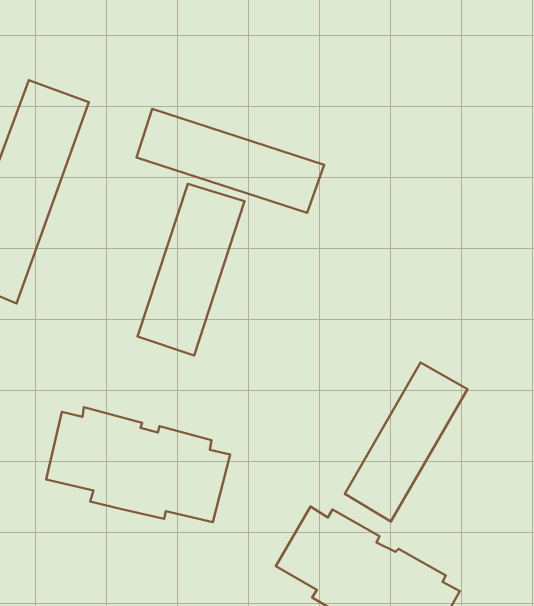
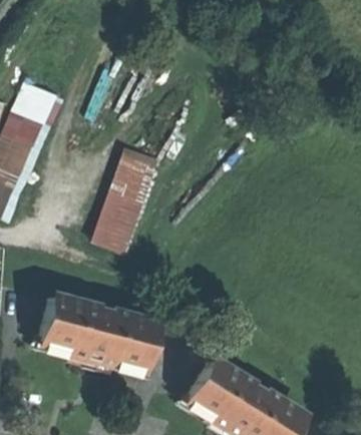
building: [136,109,324,213] -> none
building: [345,362,467,522] -> none

